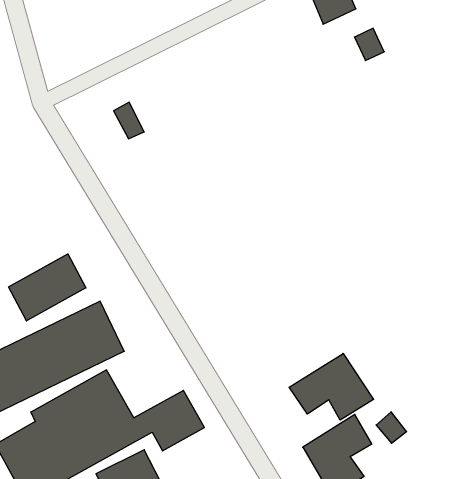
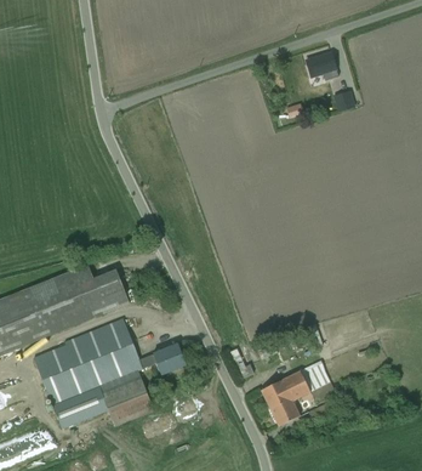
building: [9,254,86,321] -> none
building: [289,353,374,420] -> none

